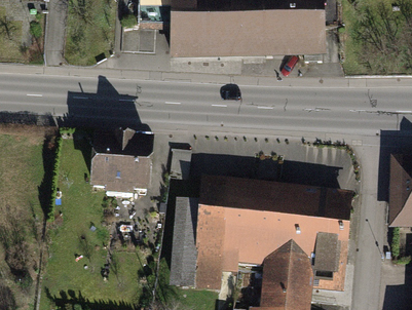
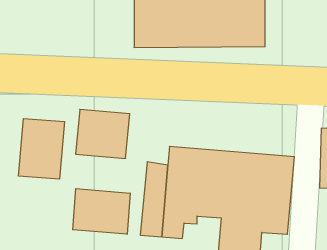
building: none -> [19,119,65,179]
building: none -> [73,189,130,234]

